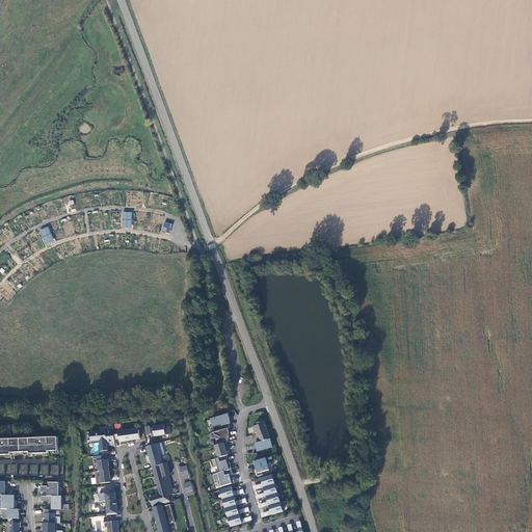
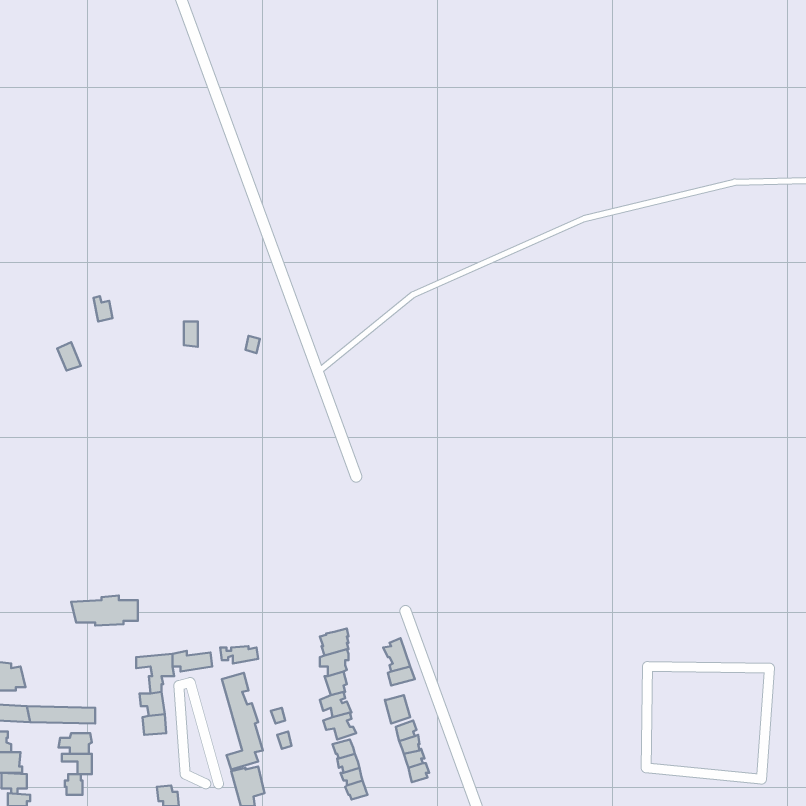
building: [14,433,57,453] -> [71,596,138,626]
building: [98,482,116,513] -> none

